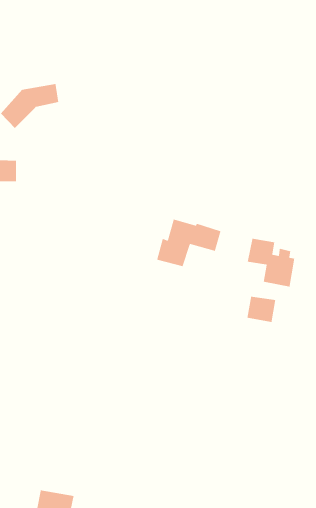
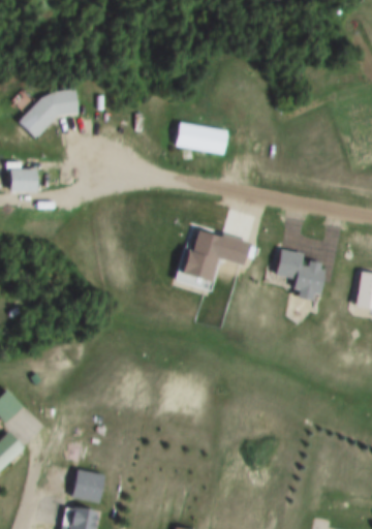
building: none -> [176,122,225,154]
building: [247,296,276,323] -> none
building: none -> [71,470,104,502]

